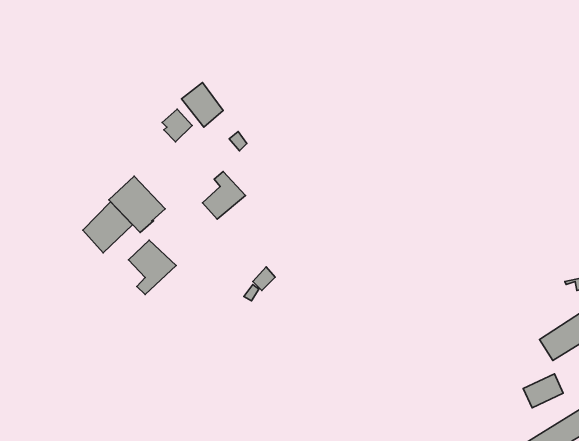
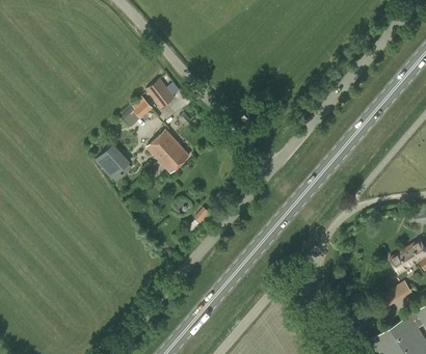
building: none -> [145,130,174,162]
building: [83,202,133,253] -> none
building: [129,240,176,294] -> none

